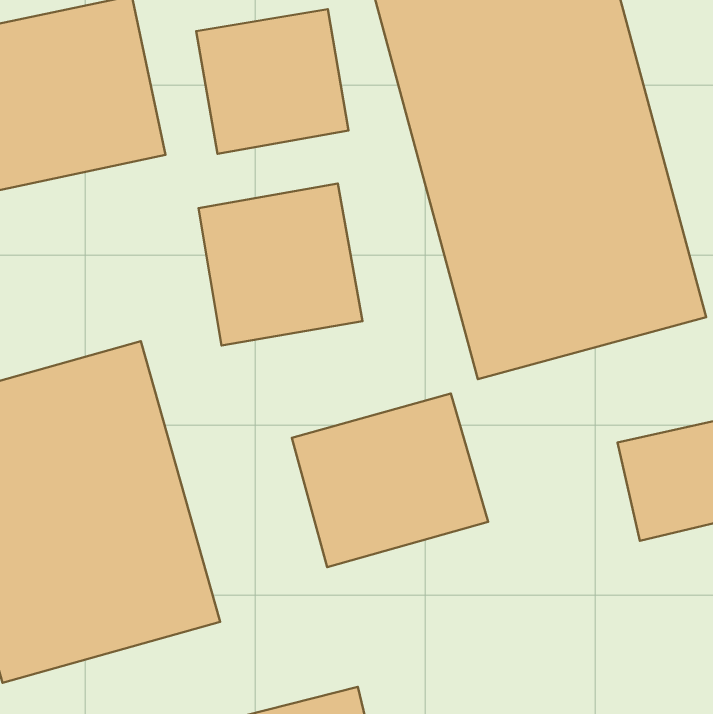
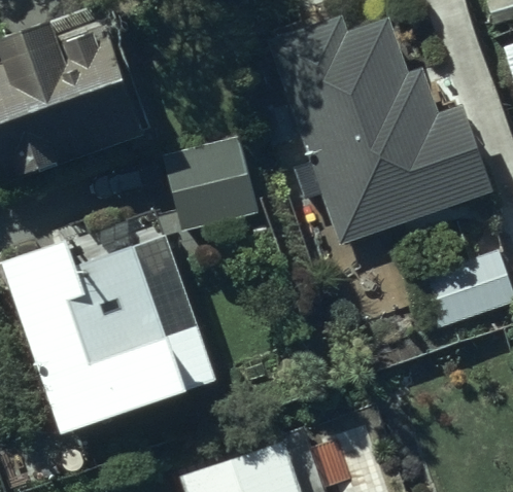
building: [196,9,349,154] -> none
building: [292,394,488,567] -> none

